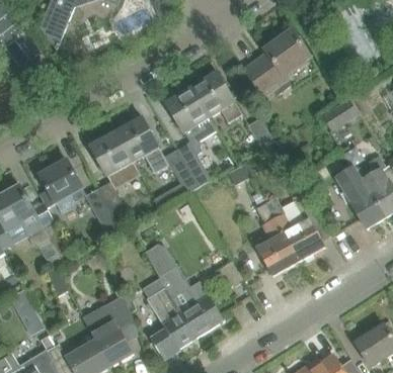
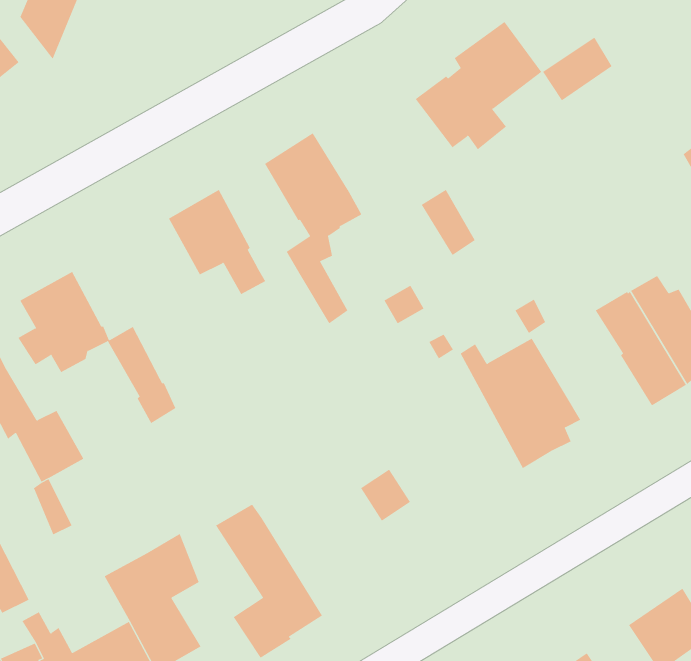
building: [191,72,242,122] -> none
building: [322,98,359,131] -> [542,37,613,101]
building: [90,131,140,214] -> none
building: [163,149,200,193] -> none
building: [256,201,300,275] -> none
building: [145,244,224,337] -> none

